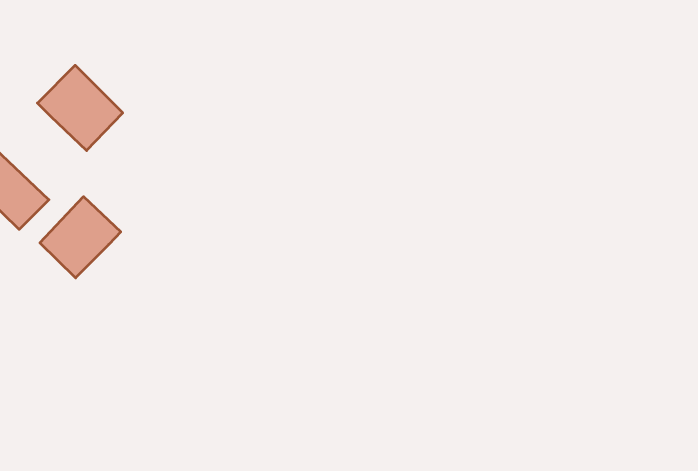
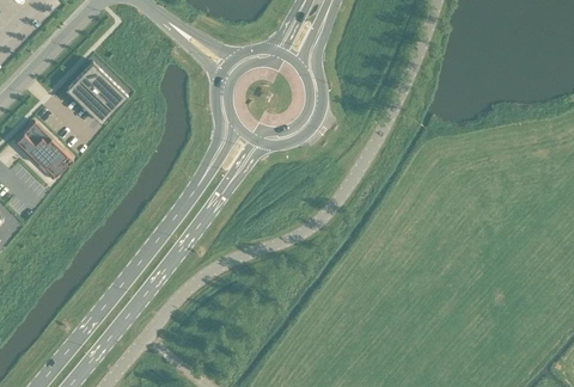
building: [40,197,121,278] -> none

